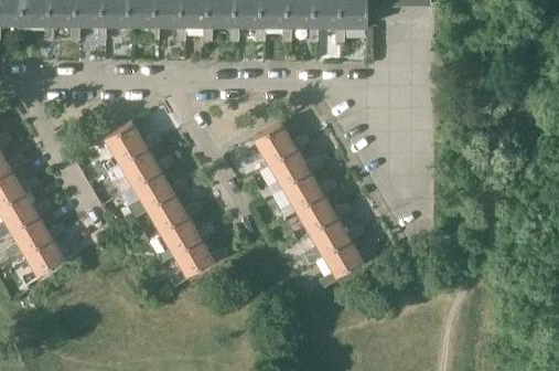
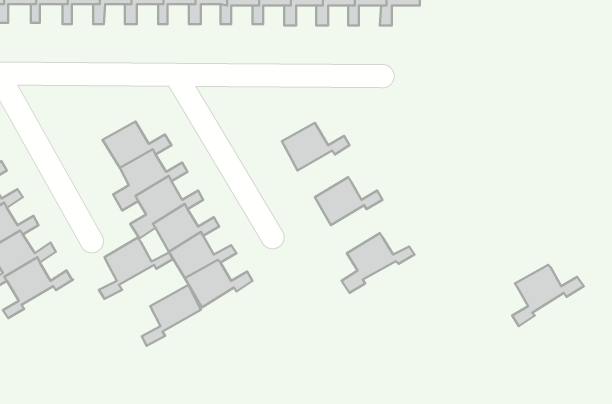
building: [266,147,323,186] -> none
building: [293,192,350,232] -> none
building: none -> [99,238,173,299]
building: [318,239,377,289] -> [512,265,584,326]
building: none -> [142,285,201,346]

